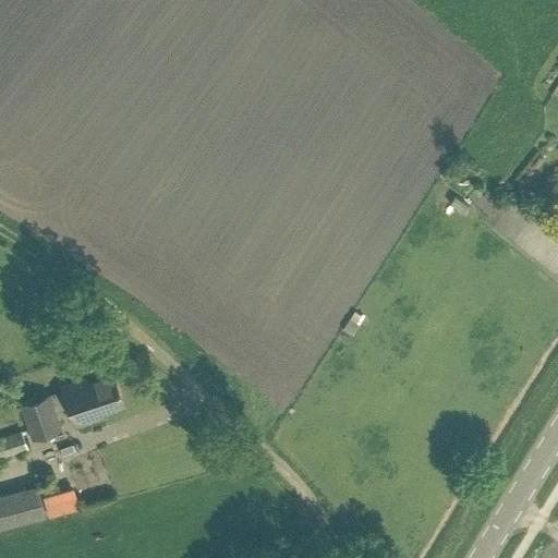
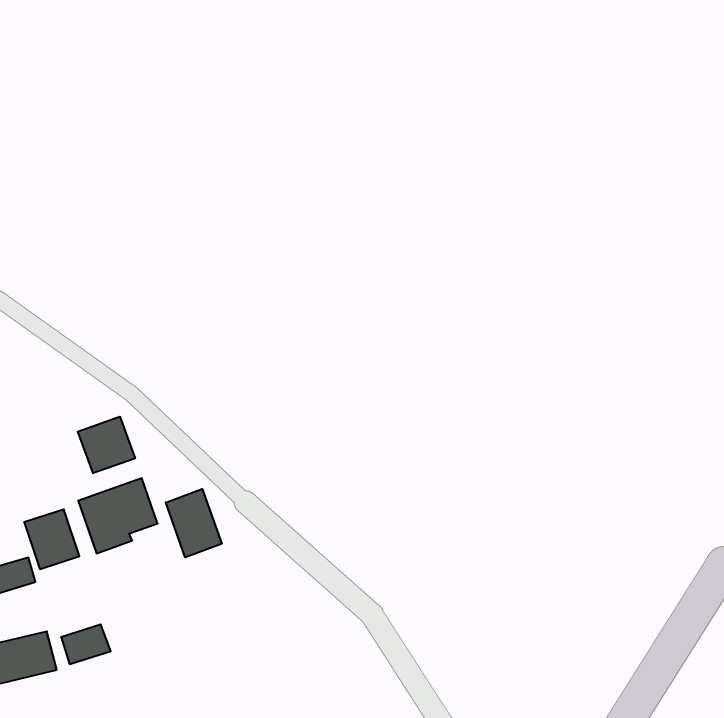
building: none -> [78,417,135,473]
building: none -> [166,489,222,557]

